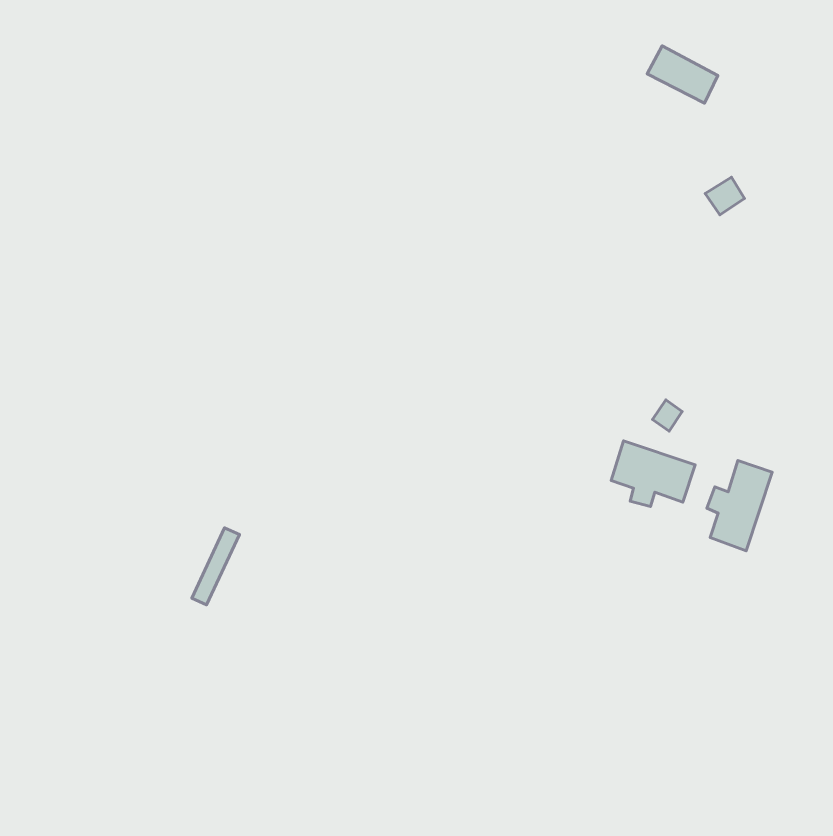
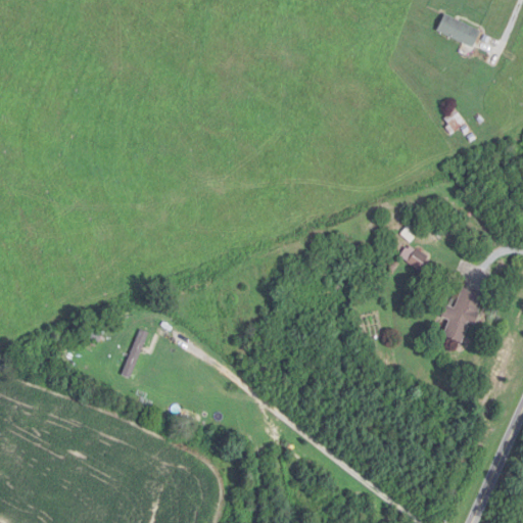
building: [647,46,718,103] -> [435,12,479,48]
building: [611,441,695,507] -> none

